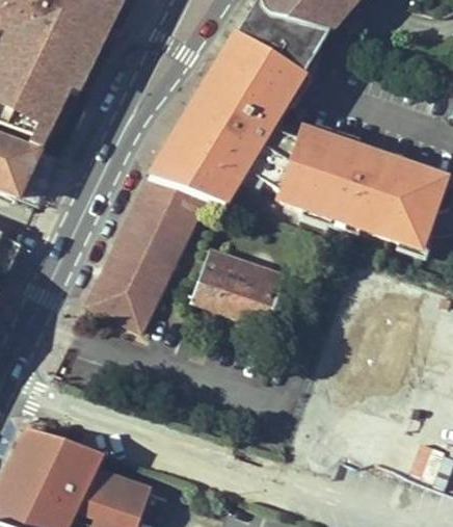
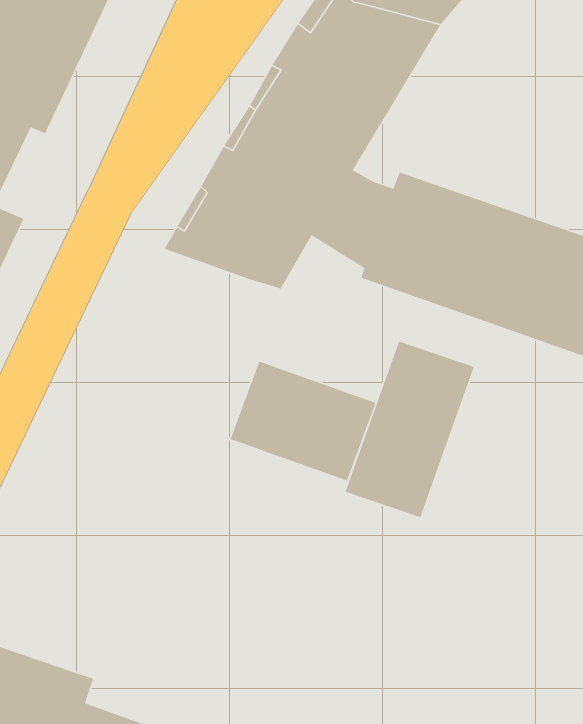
building: [88,178,204,326] -> none
building: none -> [345,341,475,518]

